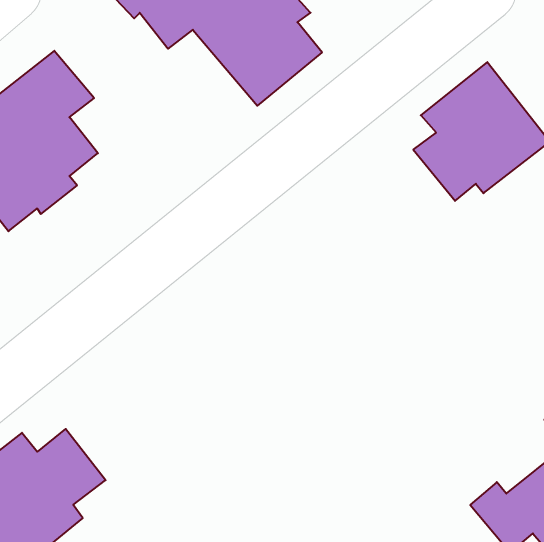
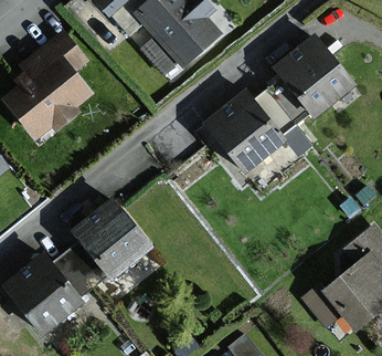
building: none -> [206,91,295,171]
building: none -> [68,202,147,283]

